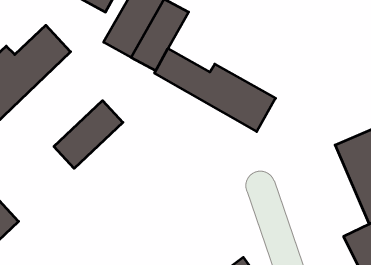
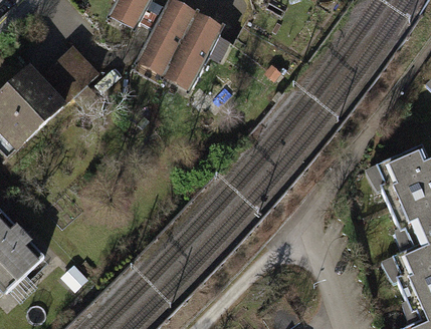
building: [155,49,276,132] -> none
building: [54,101,123,168] -> none

